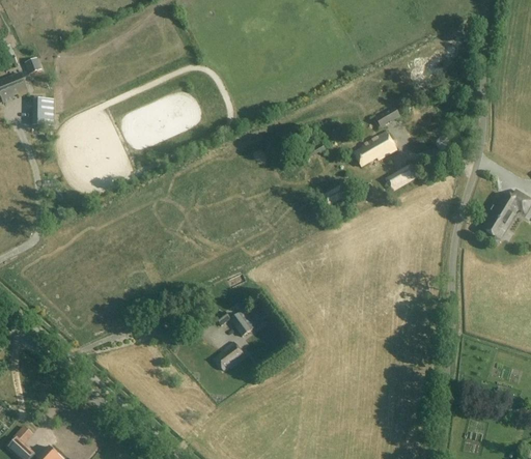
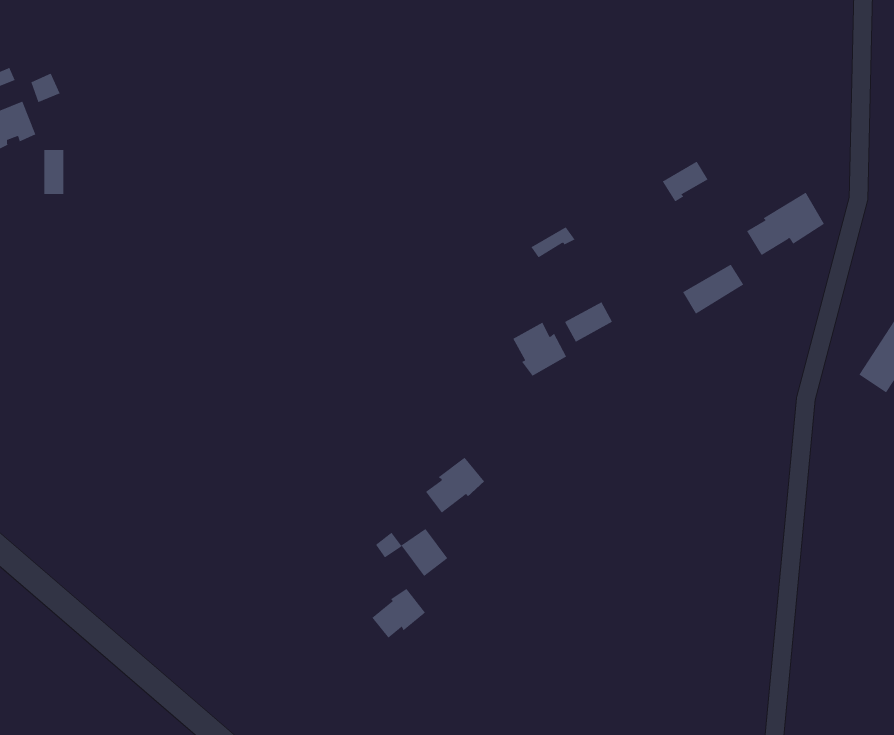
building: [354,132,397,167] -> [746,192,825,256]
building: none -> [513,322,567,377]
building: none -> [425,457,485,514]

